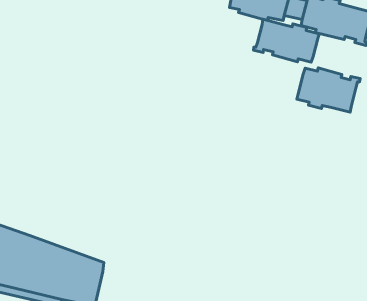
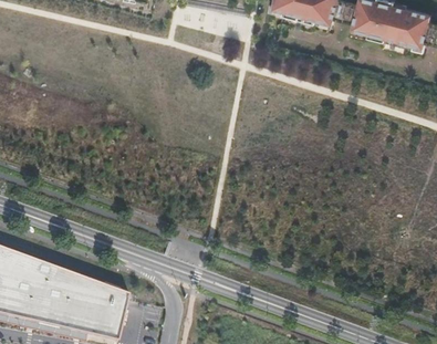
building: [253,19,319,62] -> none
building: [297,68,360,112] -> none

